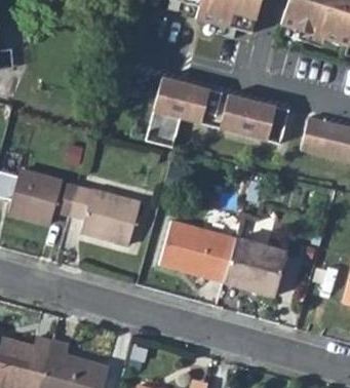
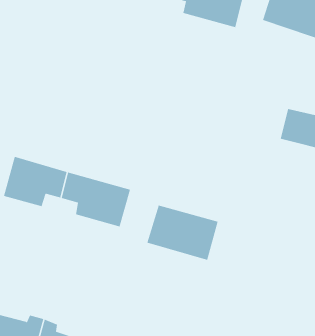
building: [145,76,289,149] -> none
building: [224,237,289,294] -> none

